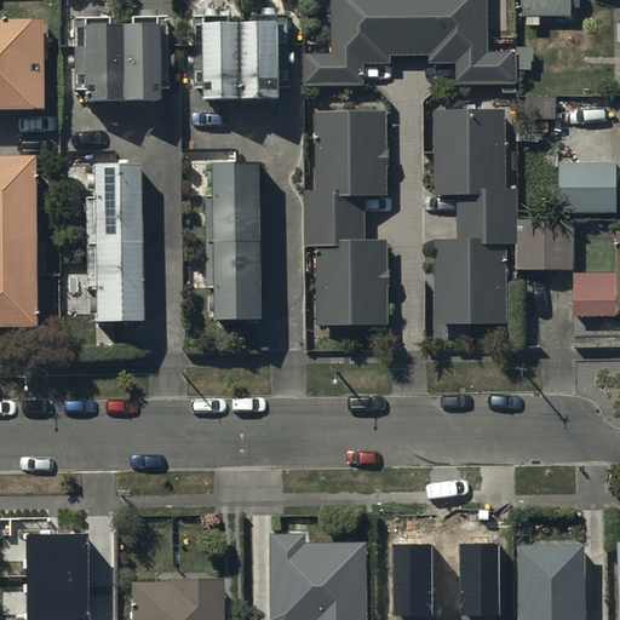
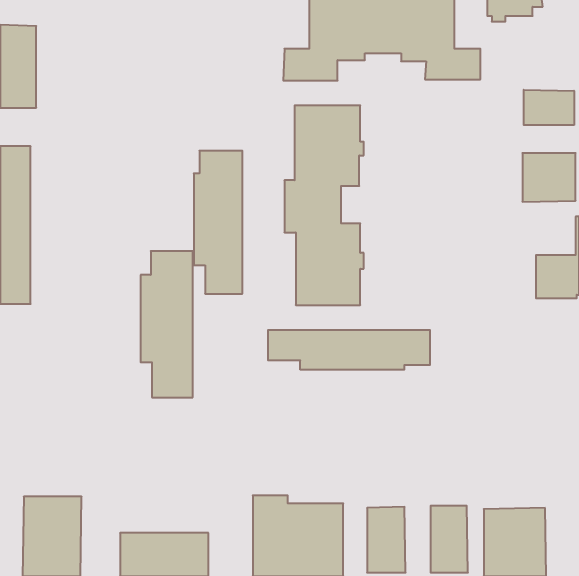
building: [71,18,170,107] -> none
building: [195,29,293,105] -> none
building: none -> [524,90,574,125]
building: [434,111,570,327] -> none
building: [82,163,138,320] -> [141,251,193,397]
building: none -> [268,330,430,370]

